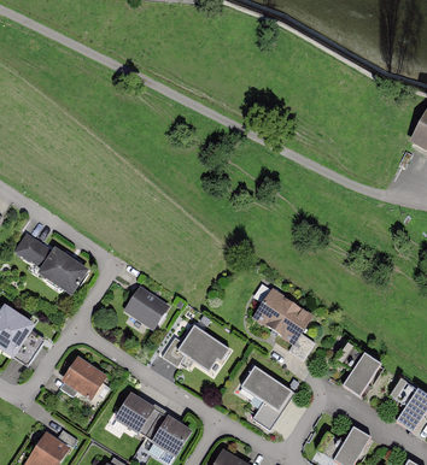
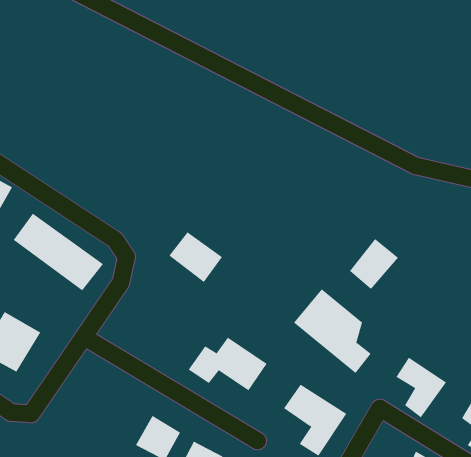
building: none -> [349,238,399,290]
building: [124,288,170,331] -> [169,231,223,283]
building: [63,359,107,401] -> none

